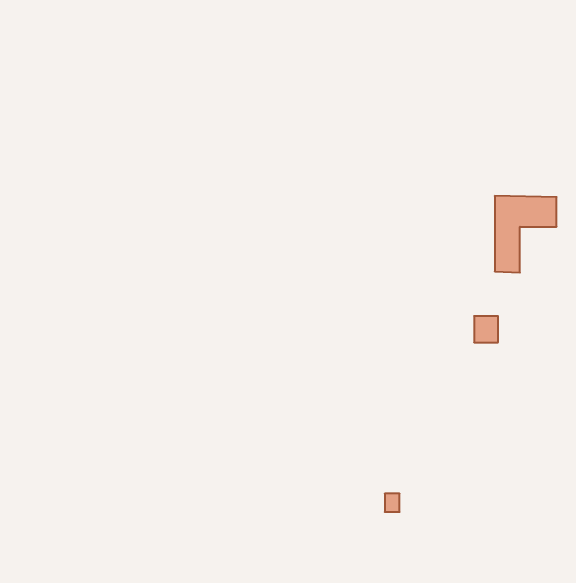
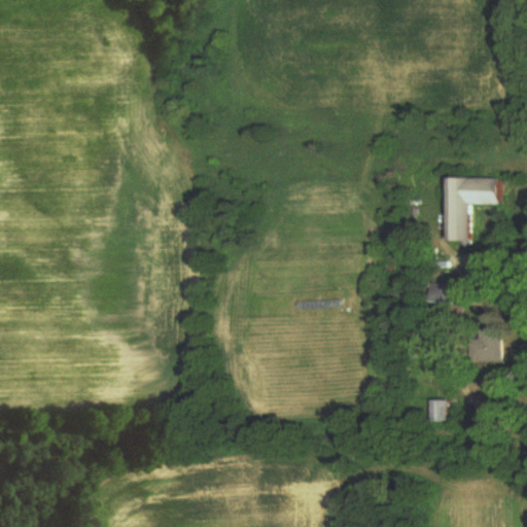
building: none -> [472,327,501,362]
building: none -> [428,398,447,421]

